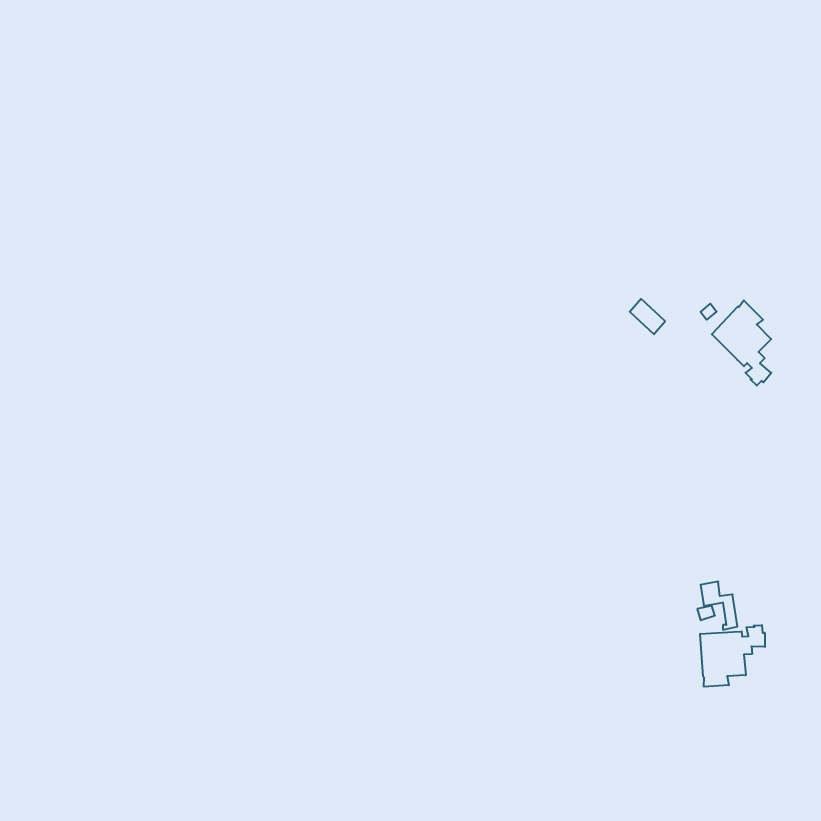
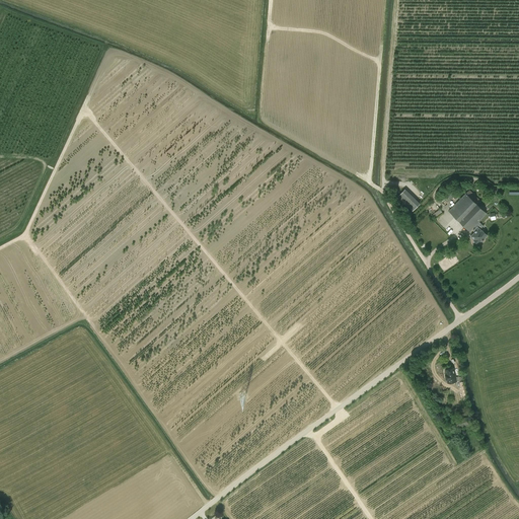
building: [700,625,765,687] -> none

